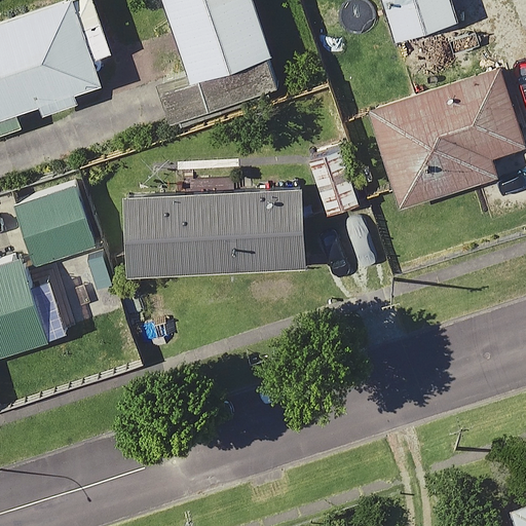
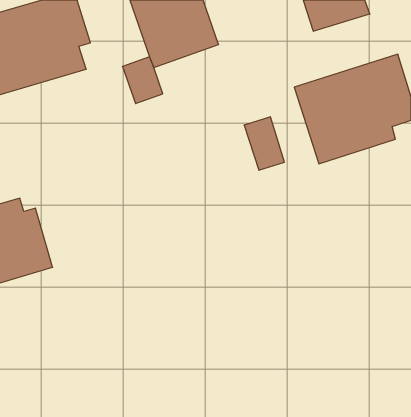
building: [8,176,99,321] -> none
building: [124,188,308,277] -> none

